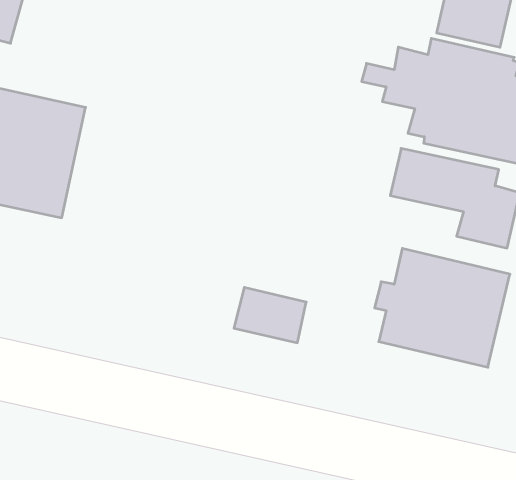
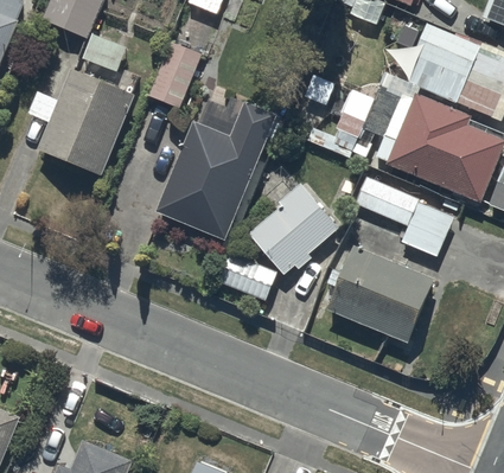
building: none -> [148,37,206,109]
building: none -> [154,103,276,243]
building: none -> [248,165,345,274]

